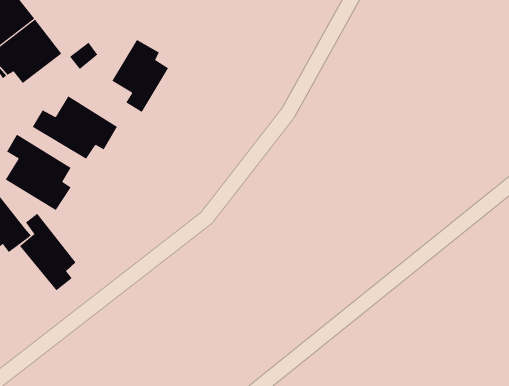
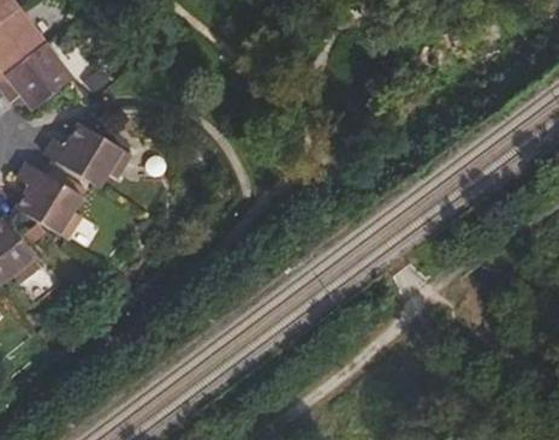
building: [111,39,169,113] -> none
building: [19,213,76,291] -> none

